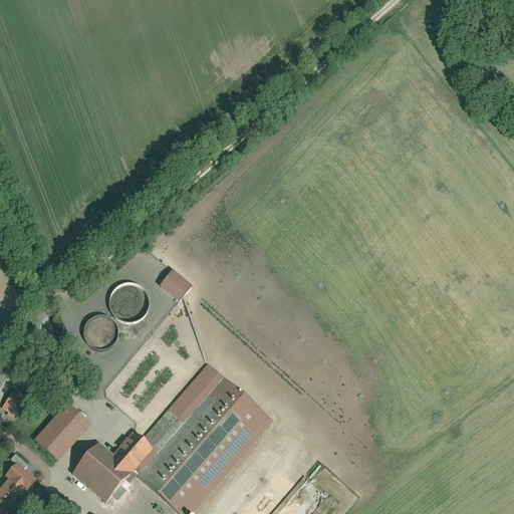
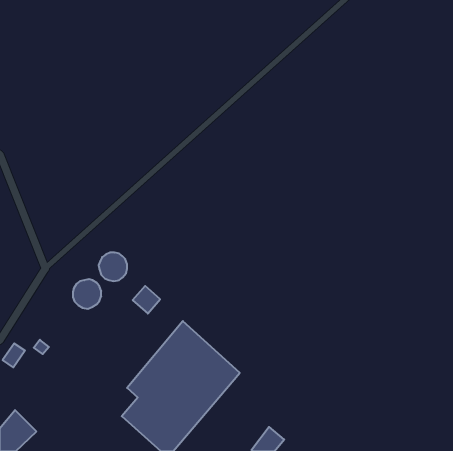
building: [158,267,189,298] -> [133,286,160,314]
building: [40,407,93,459] -> none
building: [74,429,156,502] -> none

